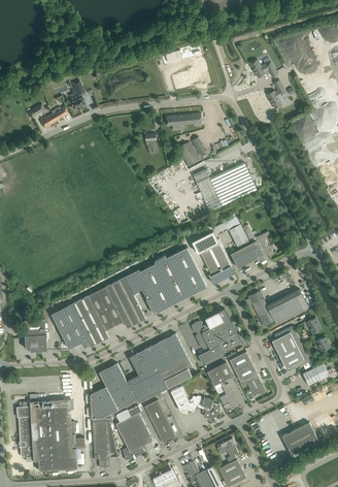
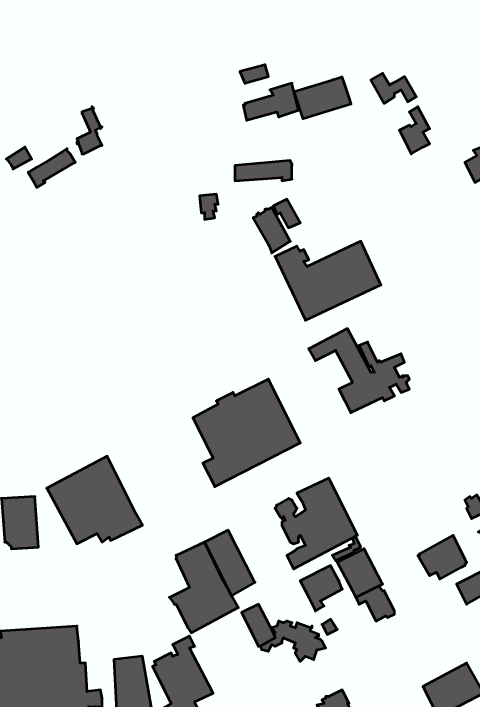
building: none -> [294,77,351,119]
building: [192,232,233,284] -> none
building: [88,269,153,330] -> none
building: [247,274,308,326] -> none
building: [271,328,300,355] -> none
building: [162,333,192,372] -> none
building: [90,363,139,419] -> none
building: [144,400,176,444] -> none

